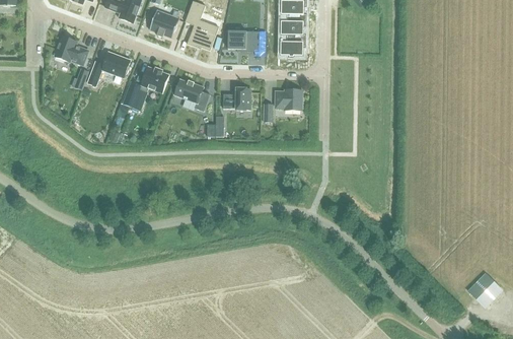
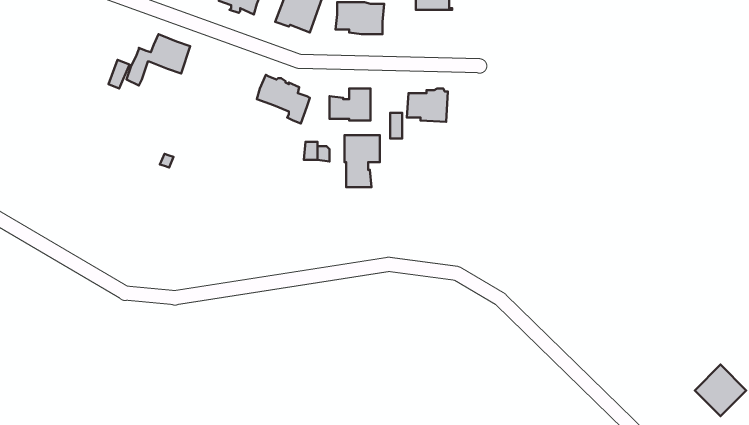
building: [55,36,88,65] -> none
building: [280,36,303,57] -> none
building: [123,67,169,108] -> none
building: none -> [345,135,380,187]

